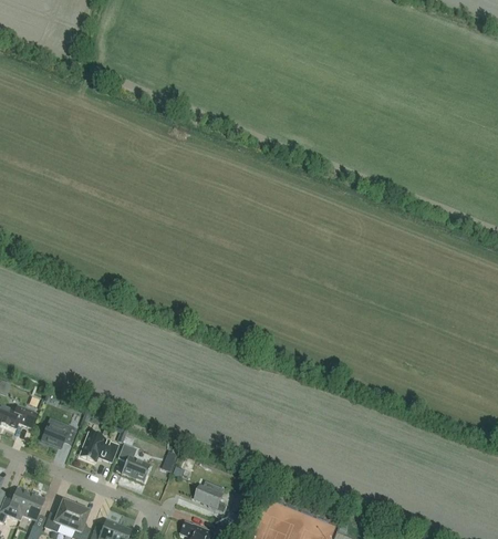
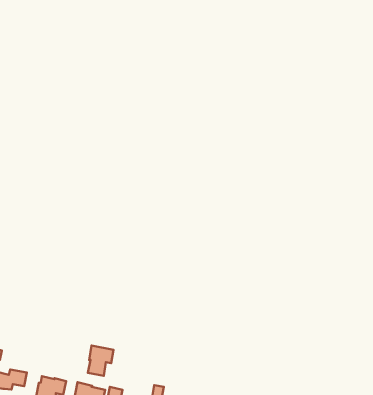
building: none -> [88,346,114,376]

